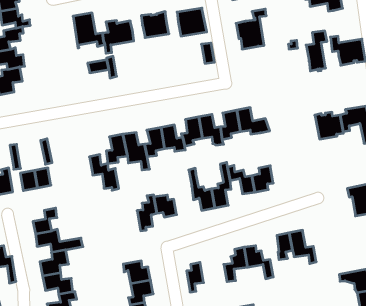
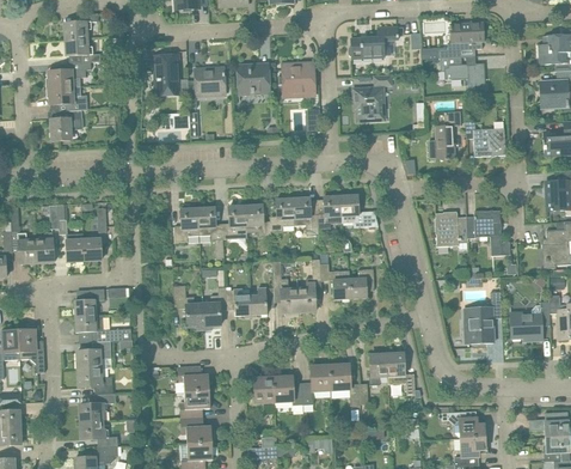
building: [89,155,119,190] -> [173,284,204,329]
building: none -> [250,286,275,313]
building: none -> [272,376,302,404]

